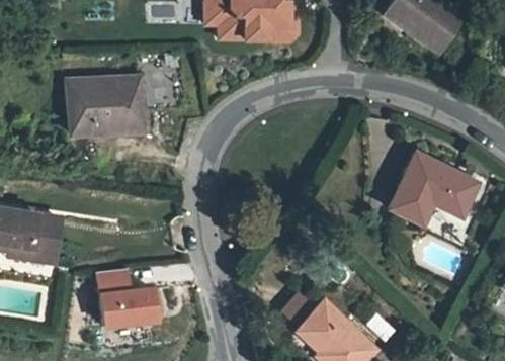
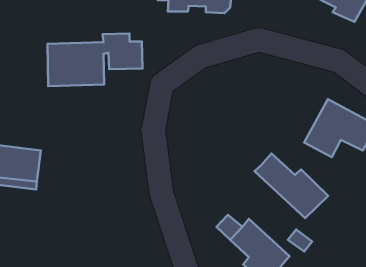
building: none -> [254,153,328,218]
building: [98,268,164,328] -> none

